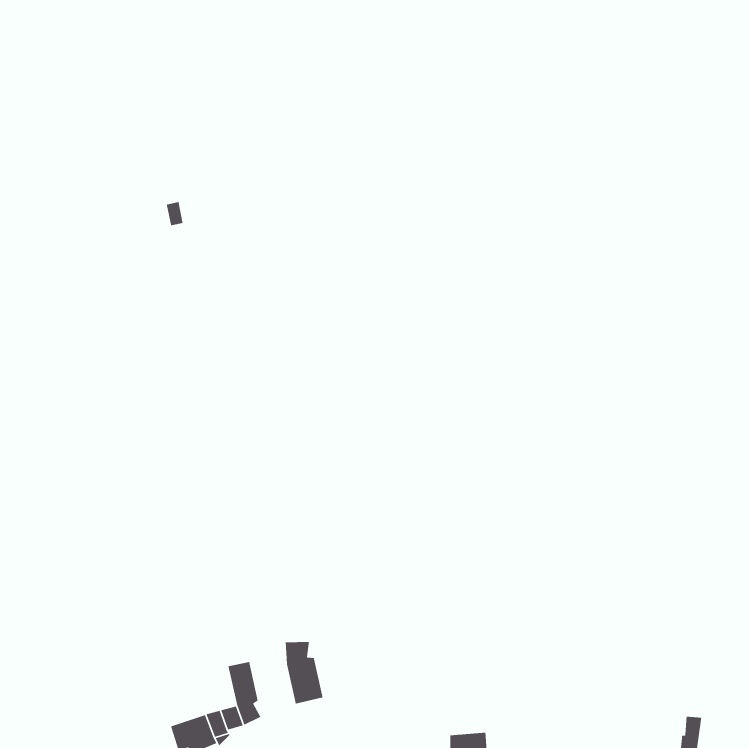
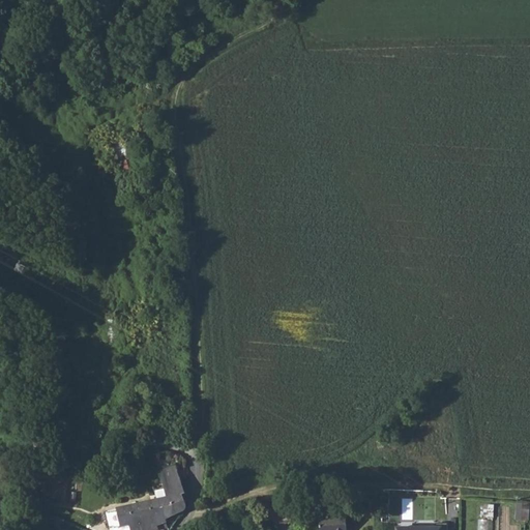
building: [285,641,323,705] -> none

